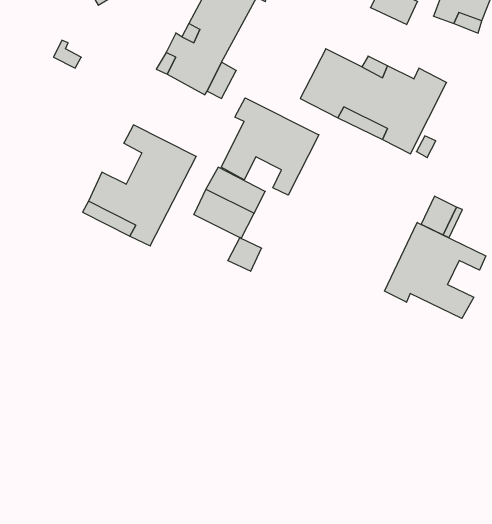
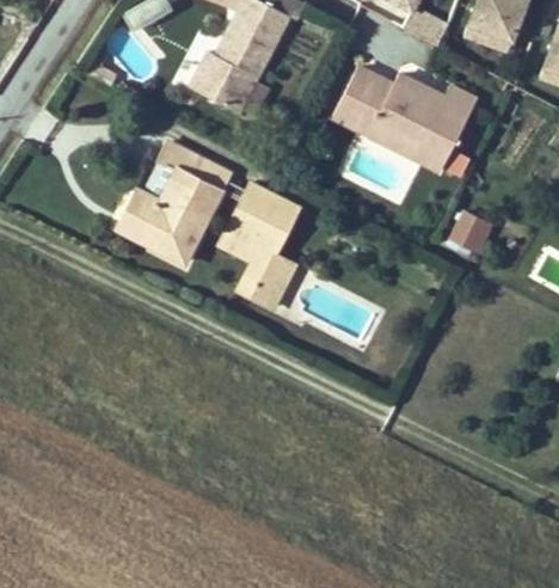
building: [221,98,319,195] -> none
building: none -> [220,232,272,298]
building: [384,222,486,318] -> none

